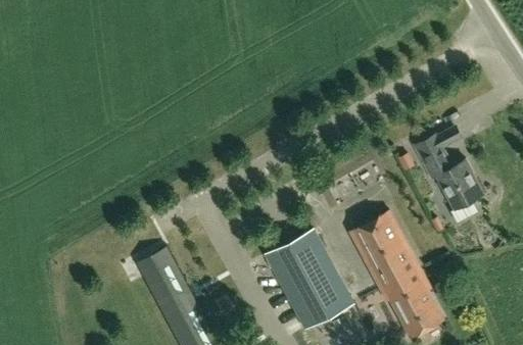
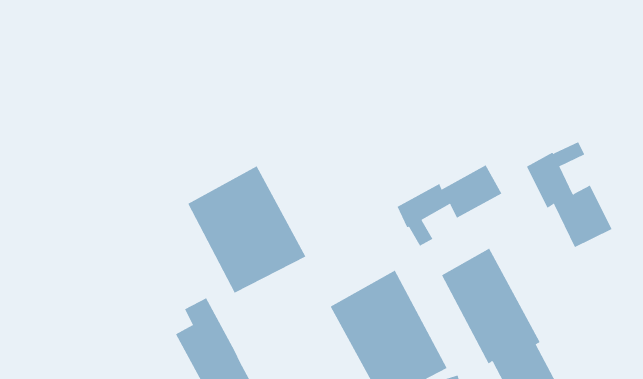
building: none -> [397,164,502,246]
building: none -> [188,165,306,294]

